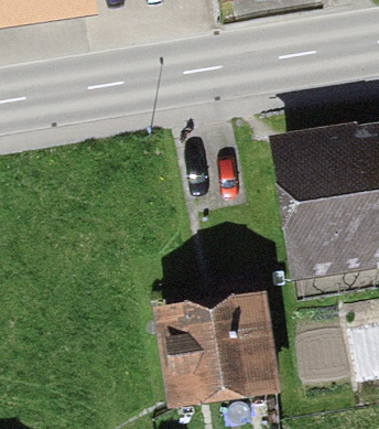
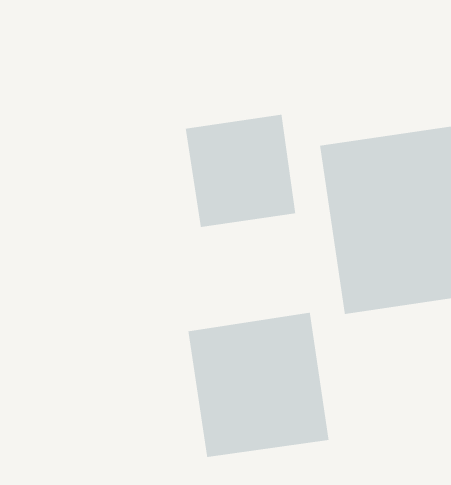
building: none -> [185,114,296,228]

